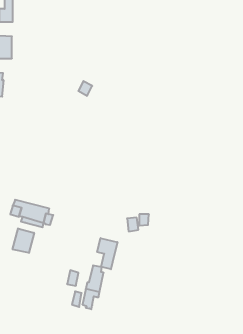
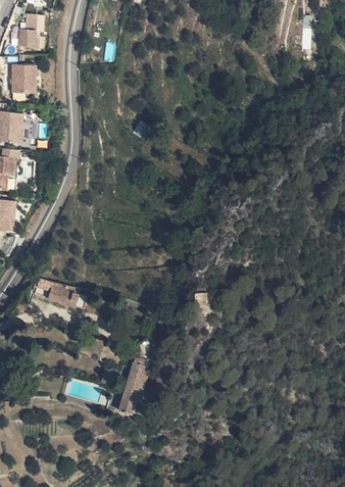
building: [13,228,34,253] -> none
building: [97,238,117,269] -> none

